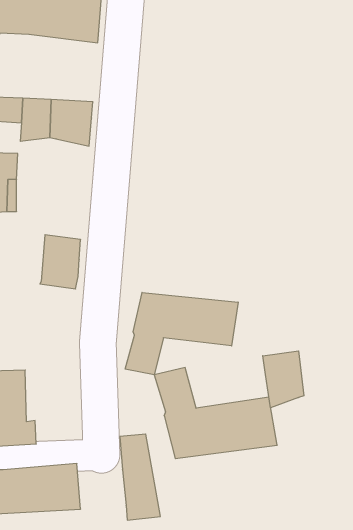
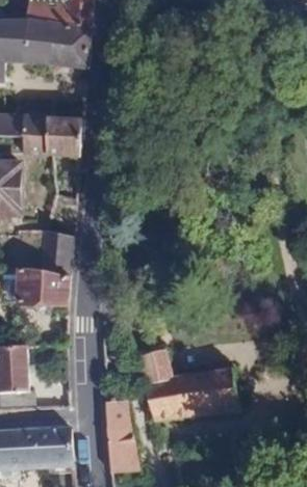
building: none -> [20,267,69,304]
building: [125,292,238,375] -> none
building: [263,351,304,408] -> none

